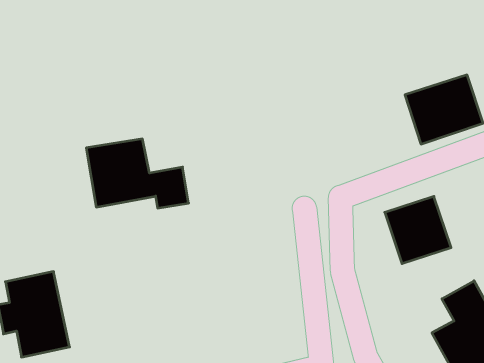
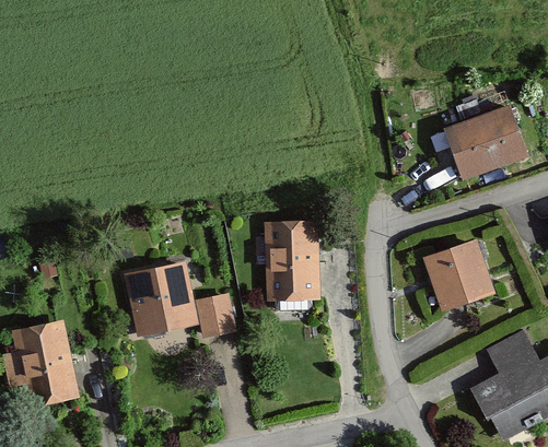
building: [86,139,189,208] -> [124,262,235,338]
building: none -> [265,219,319,310]

